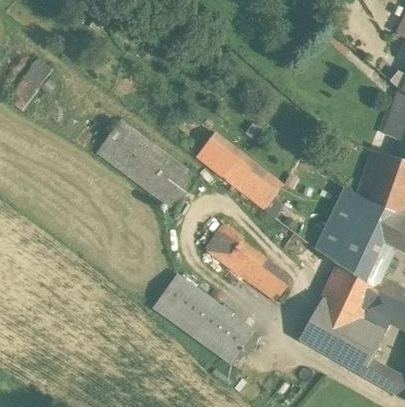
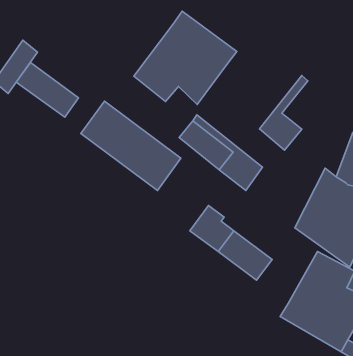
building: none -> [134,11,237,104]
building: none -> [16,63,78,117]
building: none -> [260,76,308,150]
building: [153,275,261,368] -> none

